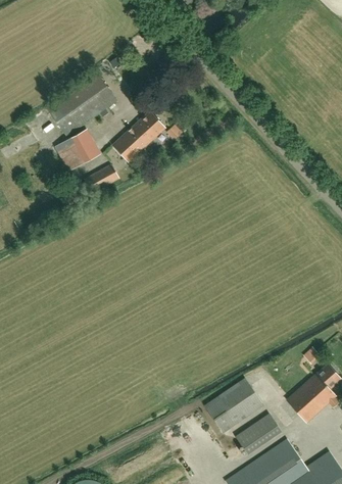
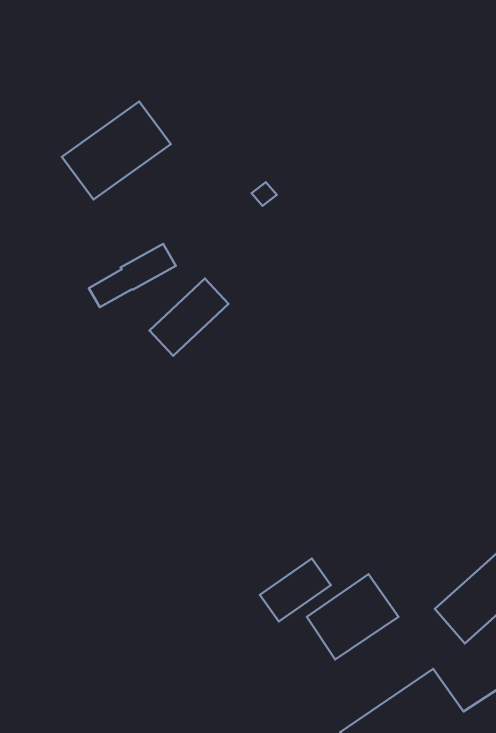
building: [113,111,164,161] -> [149,278,228,356]
building: [54,129,100,173] -> none
building: [238,414,284,454] -> [260,558,331,622]

